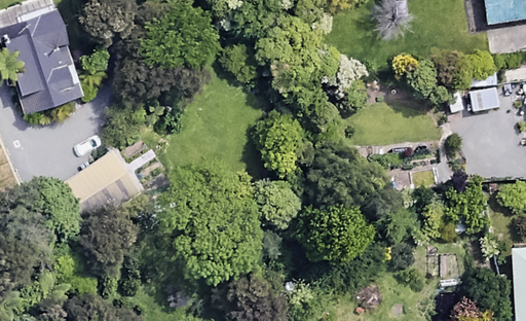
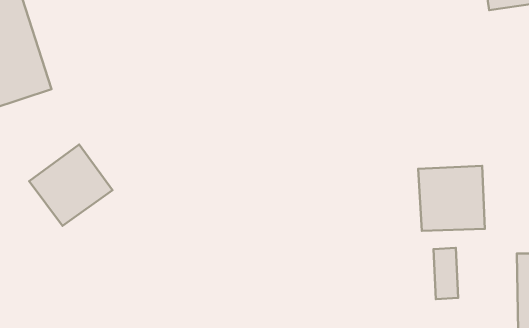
building: none -> [418,166,485,231]

